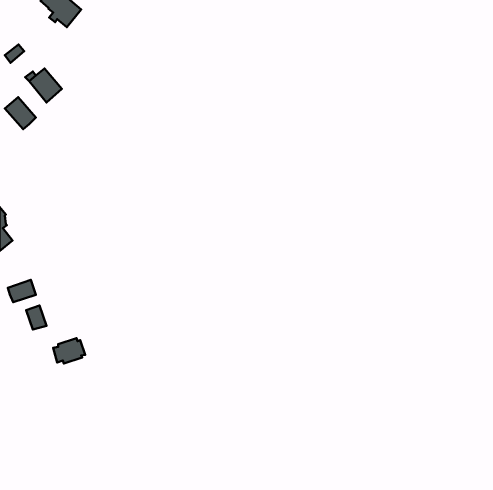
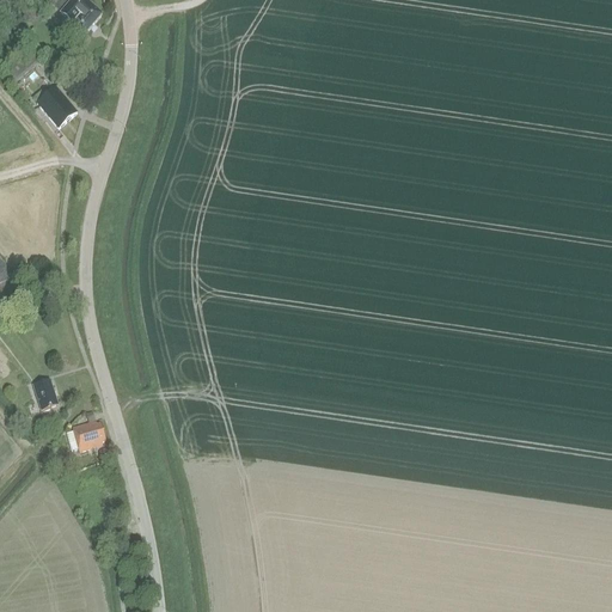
building: [5,97,36,129] -> none
building: [8,280,36,302] -> none

